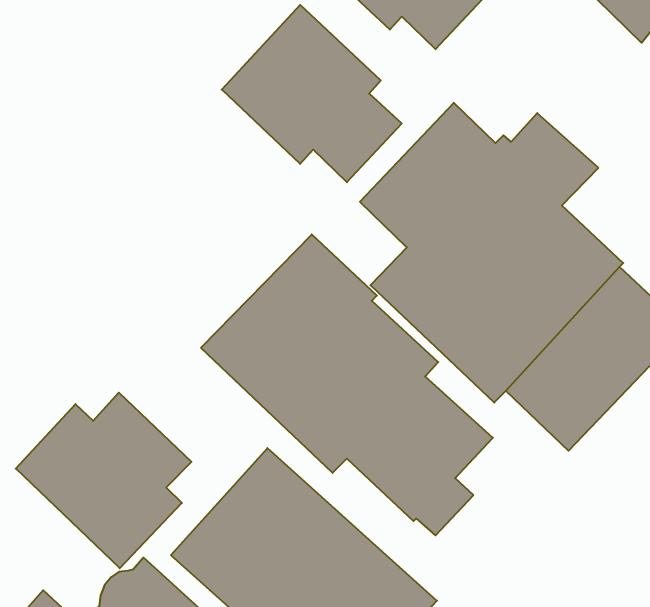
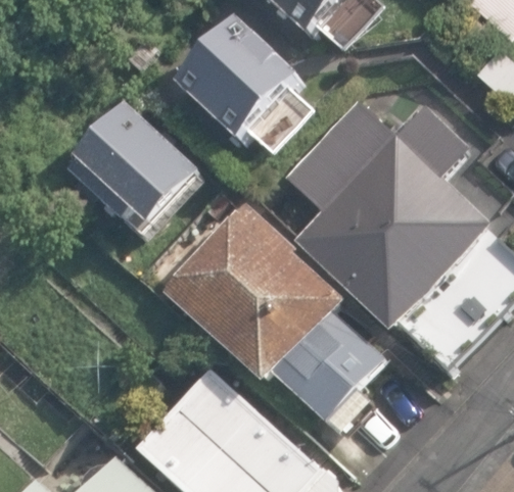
building: none -> [66,103,206,242]
building: [16,393,191,568] -> none

